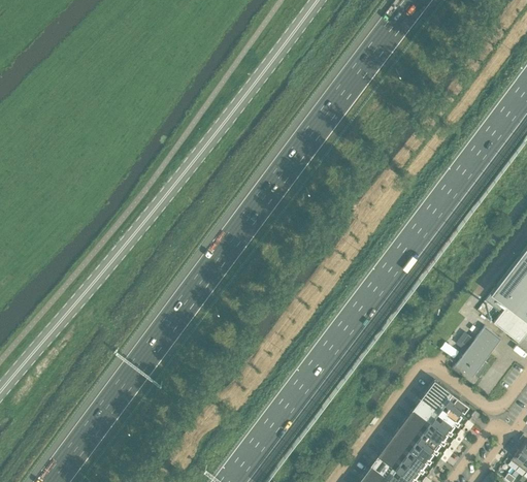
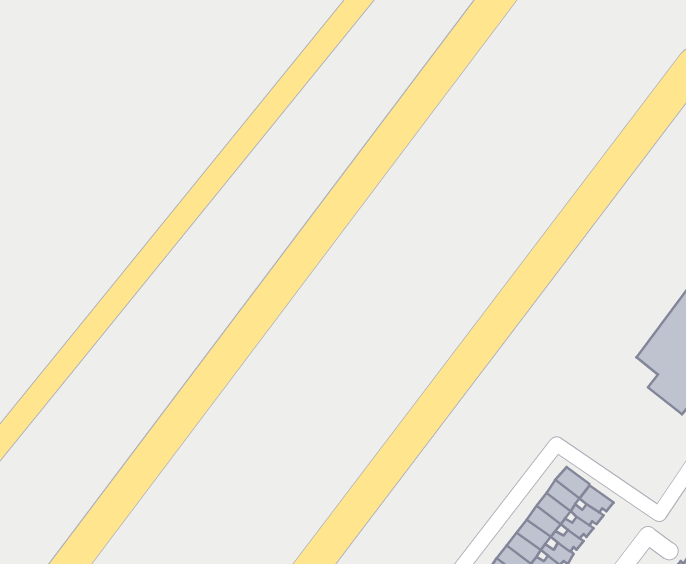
building: [452,328,501,388] -> none

